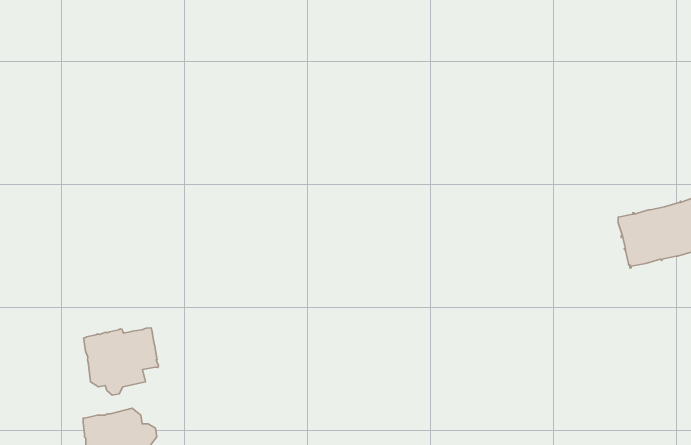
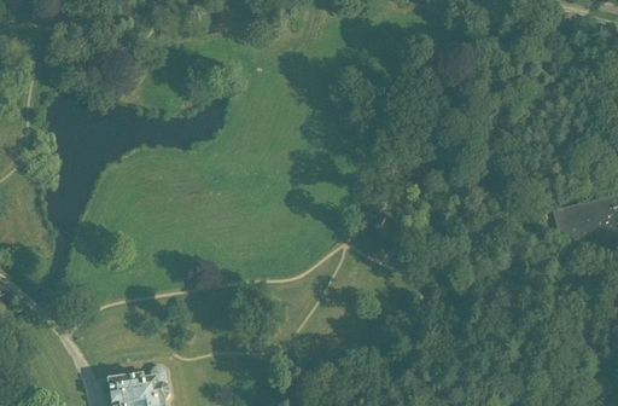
building: [83,328,158,395] -> none

